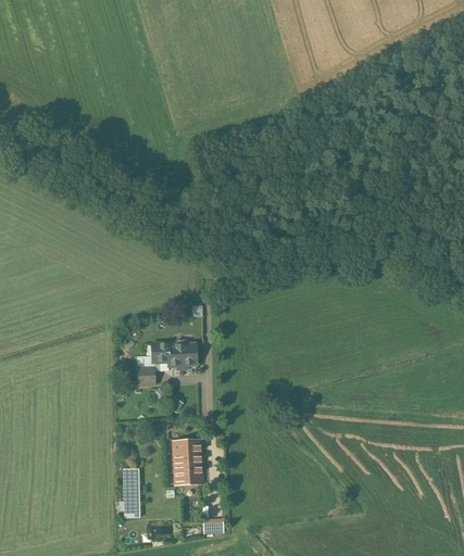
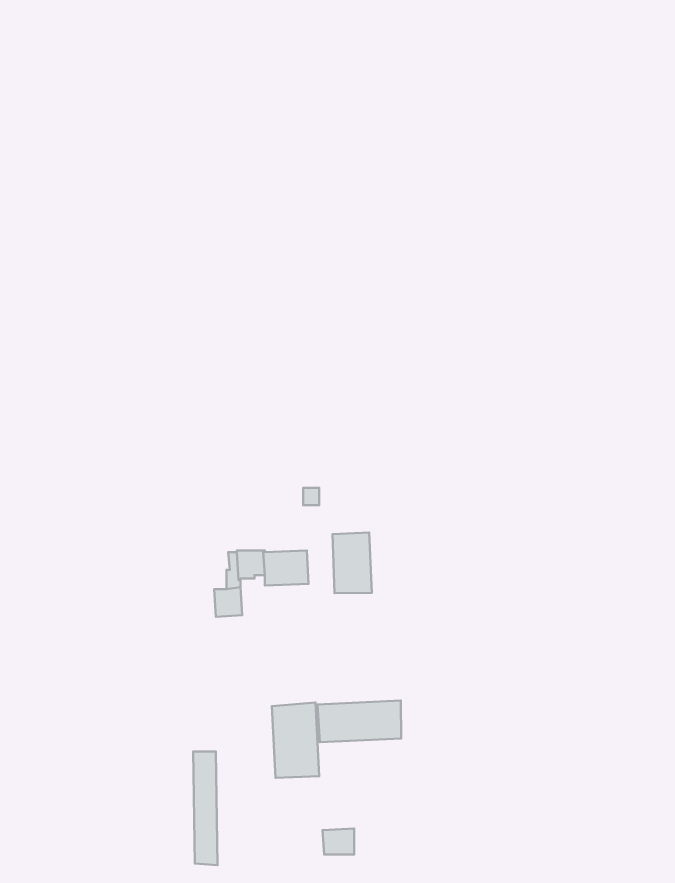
building: none -> [332,532,372,593]
building: none -> [318,701,401,742]

